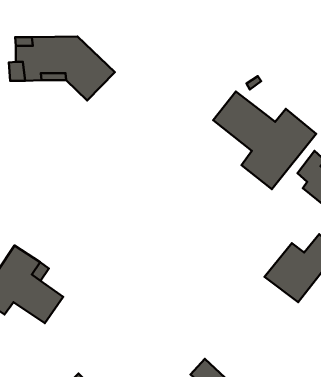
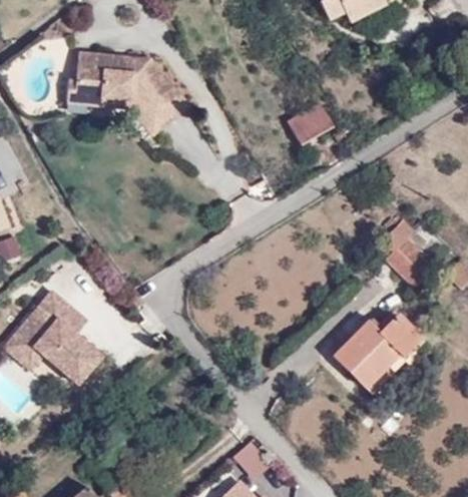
building: none -> [290,102,332,142]
building: [213,92,316,189] -> none

